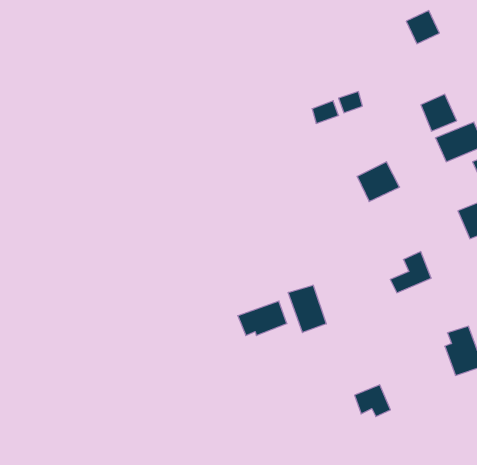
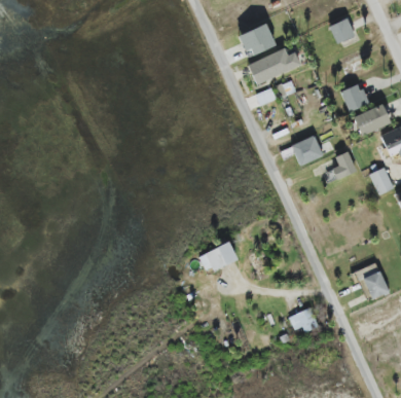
building: none -> [239,24,276,57]
building: none -> [247,48,300,83]
building: [390,252,431,293] -> [324,150,356,182]
building: [288,285,326,333] -> none

